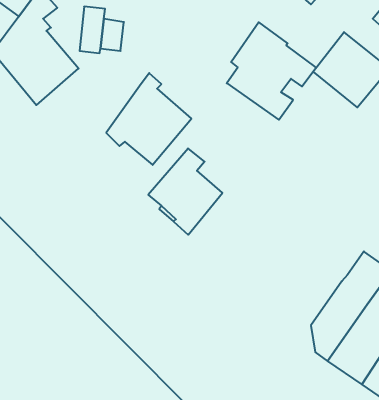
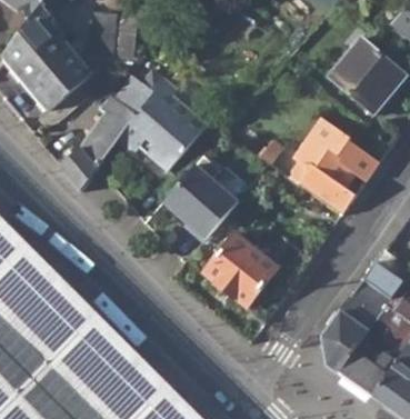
building: [227,22,316,120] -> [287,117,377,215]
building: none -> [59,79,153,193]
building: none -> [202,237,277,309]

